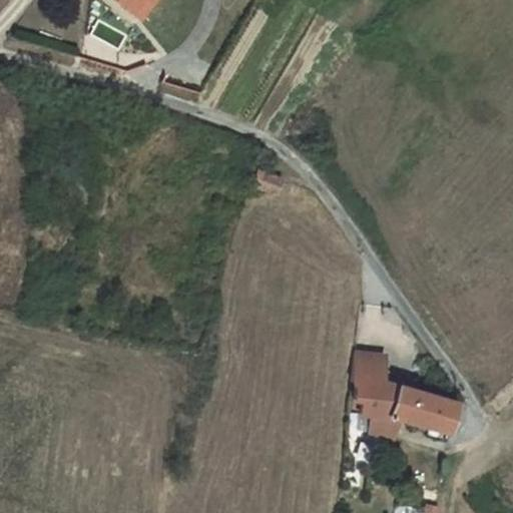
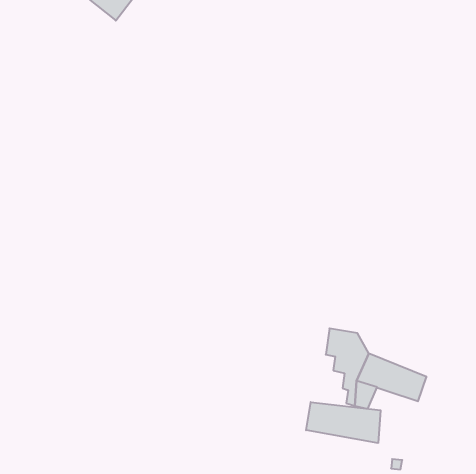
building: none -> [306,402,381,443]

